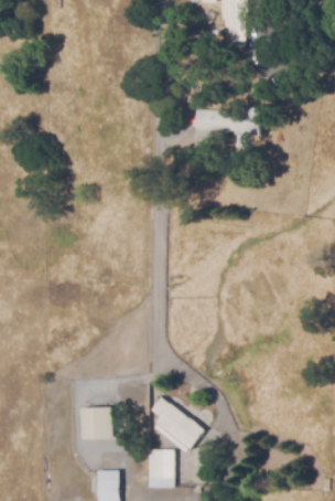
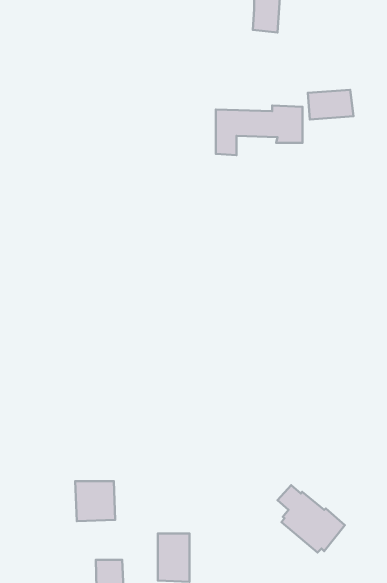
building: none -> [308,90,353,119]
building: [151,397,205,451] -> [277,485,345,553]

